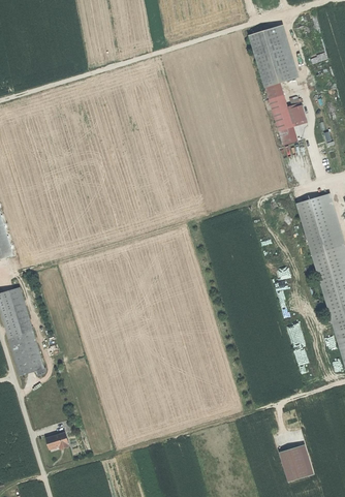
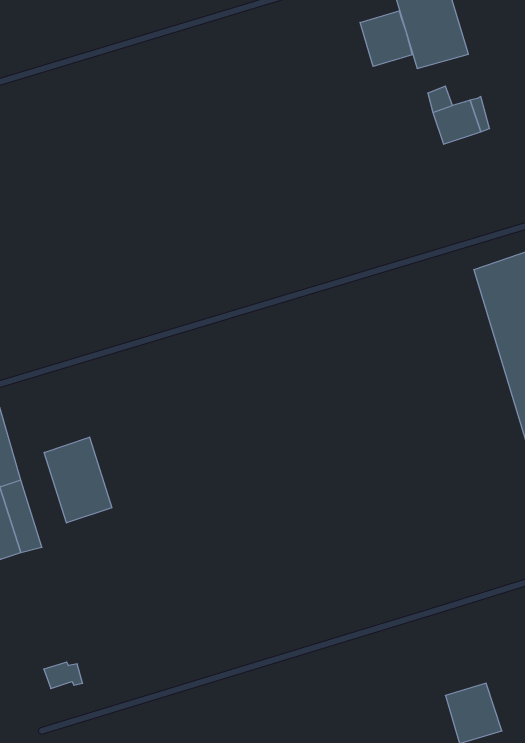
building: none -> [360,11,412,66]
building: none -> [44,437,112,523]

